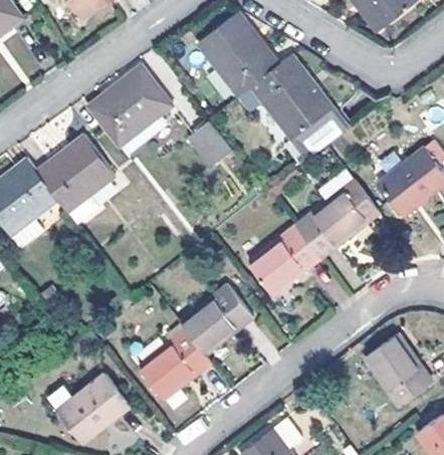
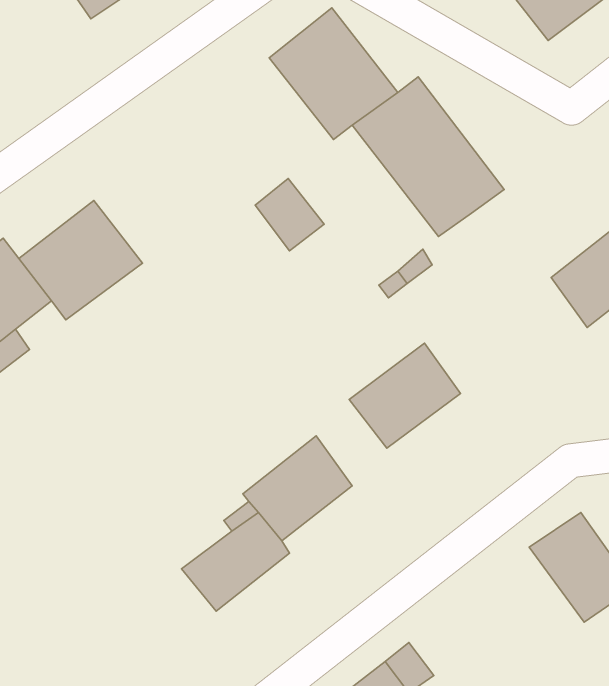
building: [88,65,171,158] -> none
building: [296,169,379,258] -> none
building: [47,374,128,440] -> none

